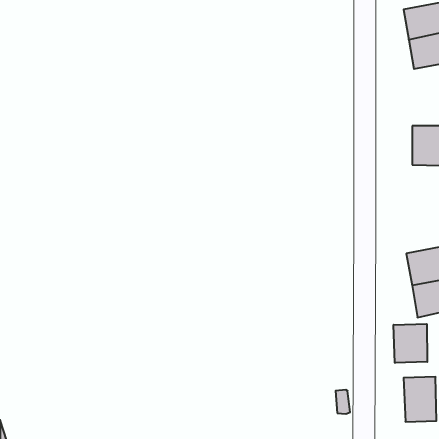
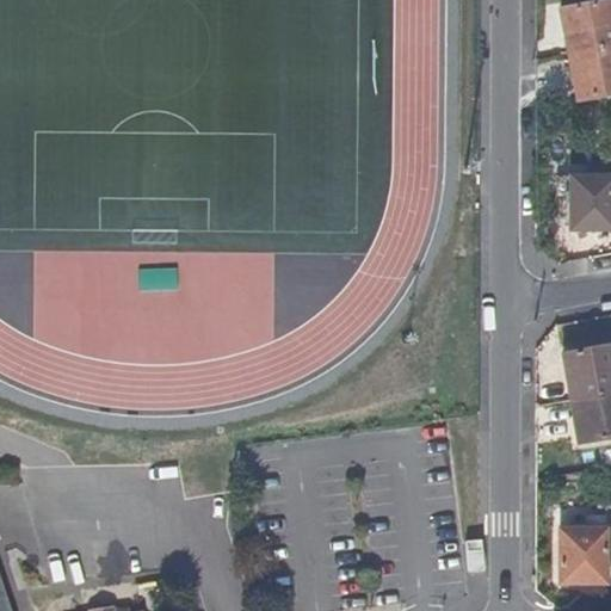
building: [394,324,427,363] -> none

